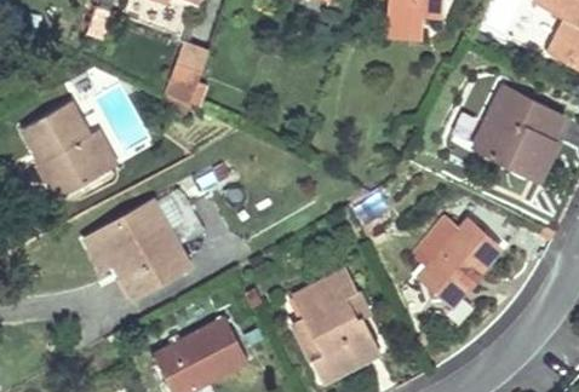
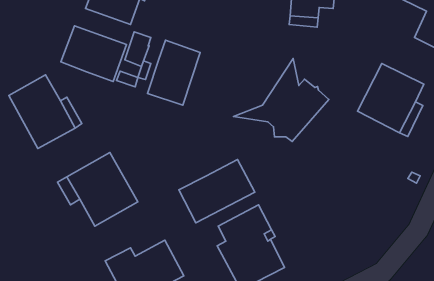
building: none -> [61,26,127,82]
building: none -> [147,40,200,105]
building: [377,196,500,304] -> [233,58,329,142]
building: none -> [179,159,255,223]

